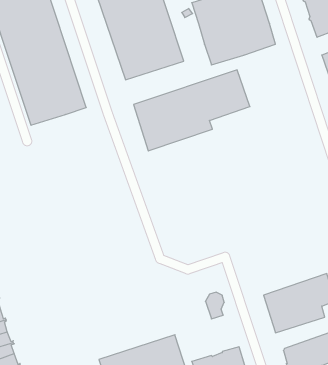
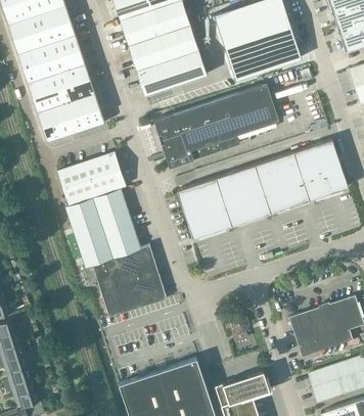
building: none -> [177,139,349,239]
building: none -> [57,152,167,318]

